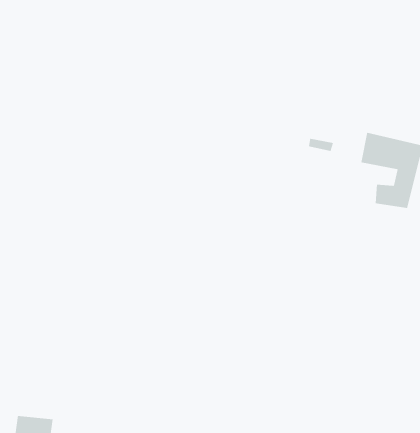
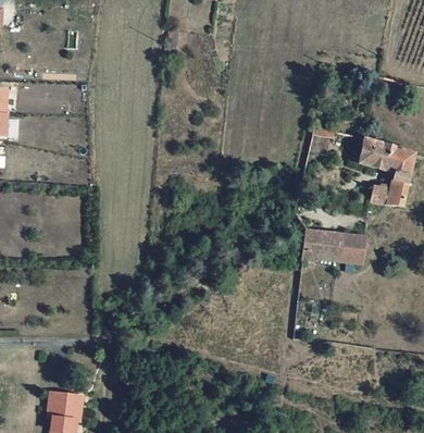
building: none -> [303,228,365,260]

